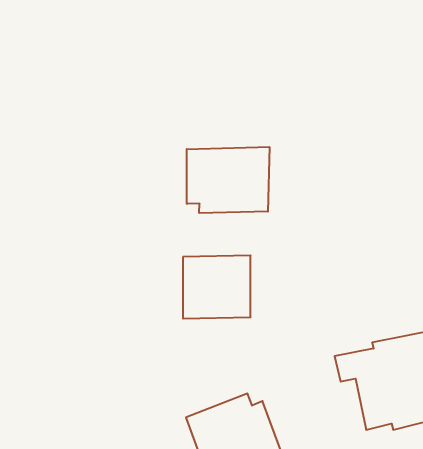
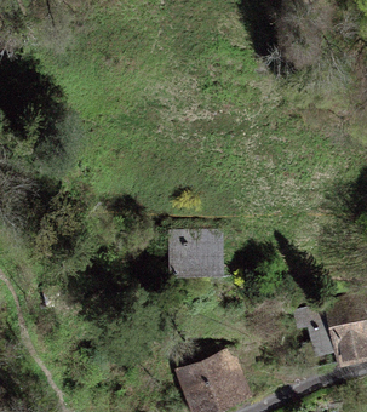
building: [187,147,269,213] -> none

